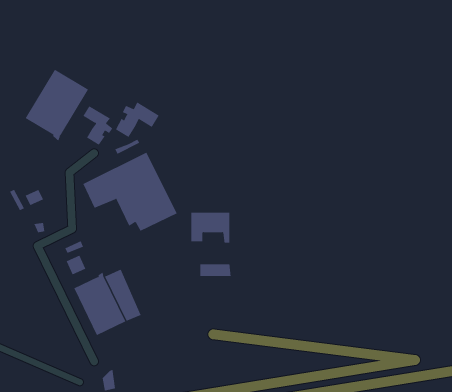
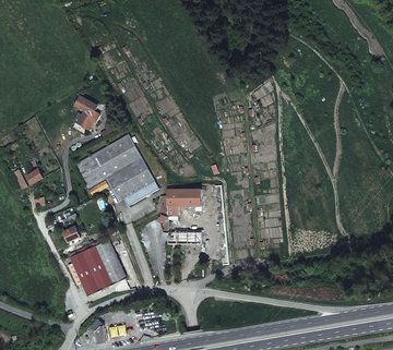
building: [25,69,89,142] -> none
building: [115,101,159,138] -> none

